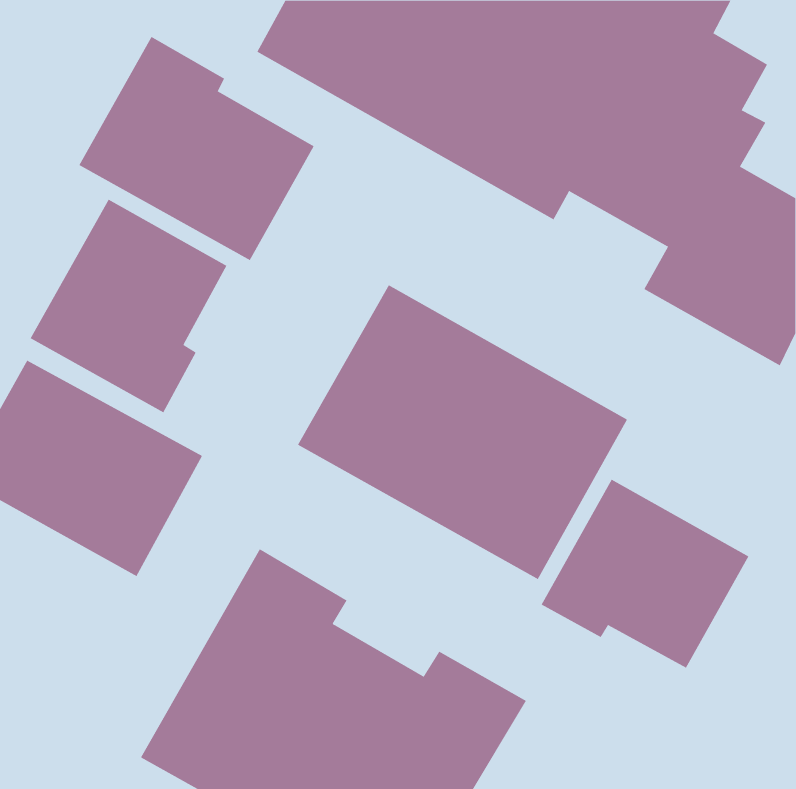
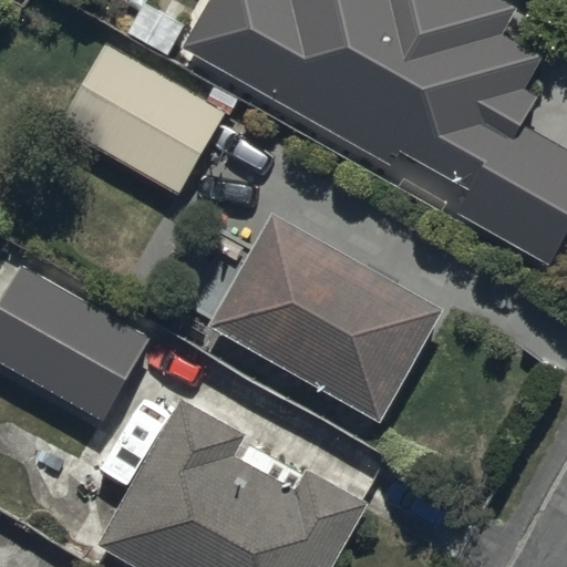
building: [30,199,227,413] -> none
building: [541,479,749,669] -> none

